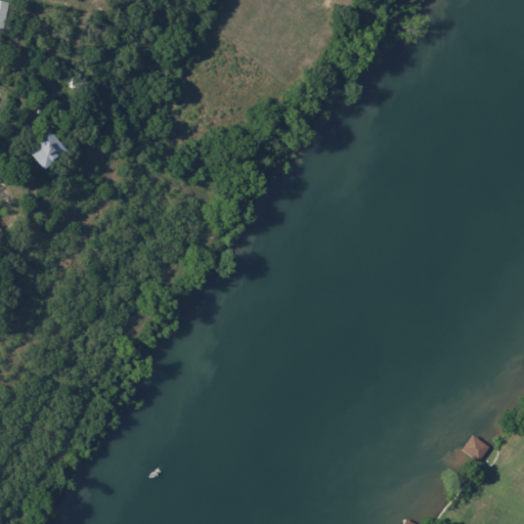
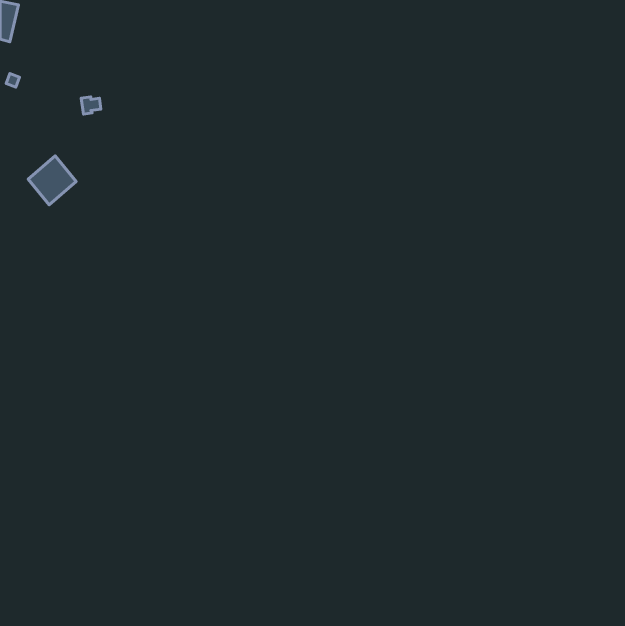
building: [463,434,491,462] -> none

